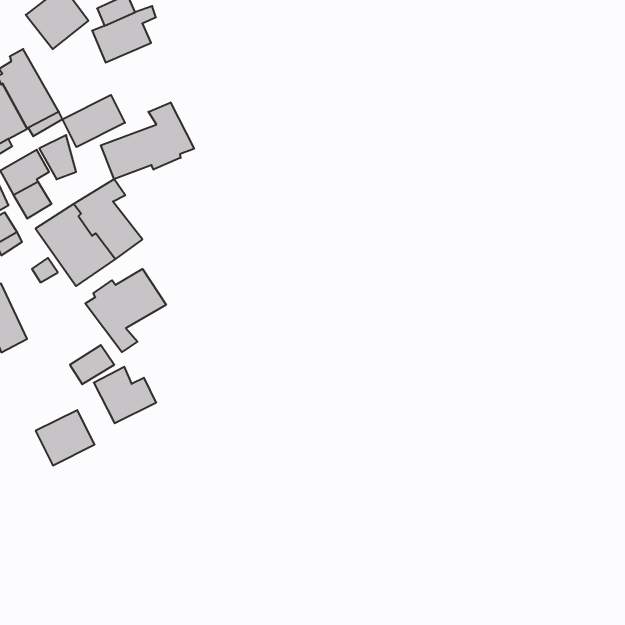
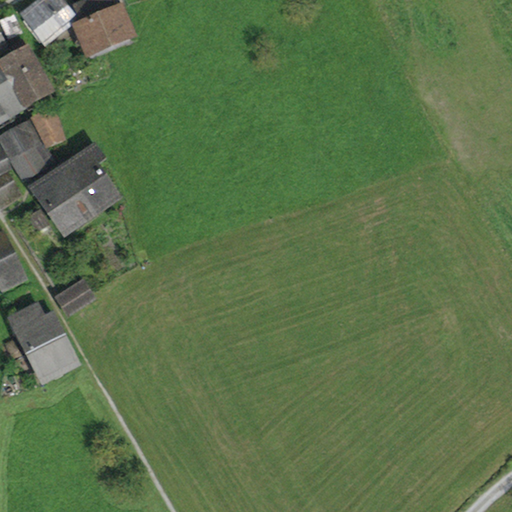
building: [63,95,125,147] -> none
building: [101,102,194,179] -> none
building: [85,269,166,352] -> none
building: [94,367,156,423] -> [12,305,63,351]

